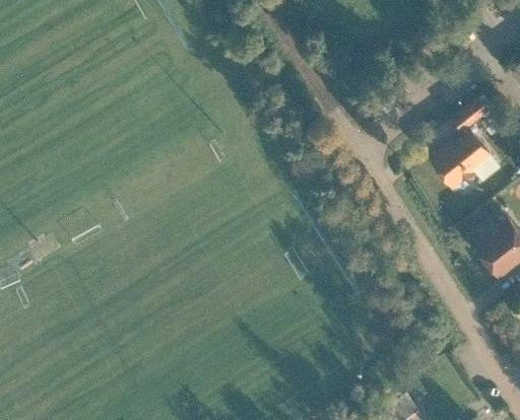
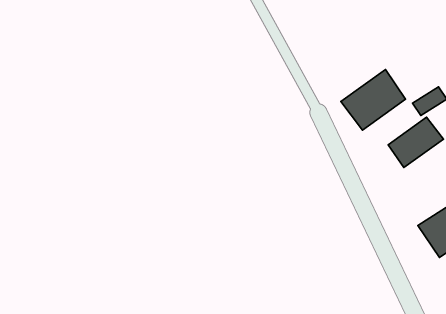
building: none -> [341,70,406,130]

